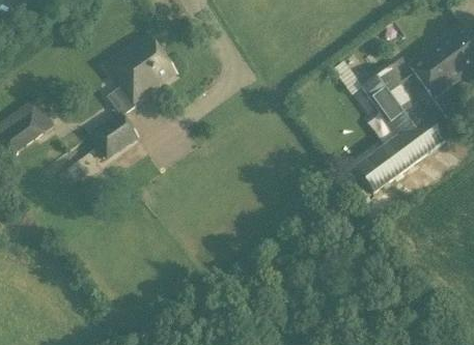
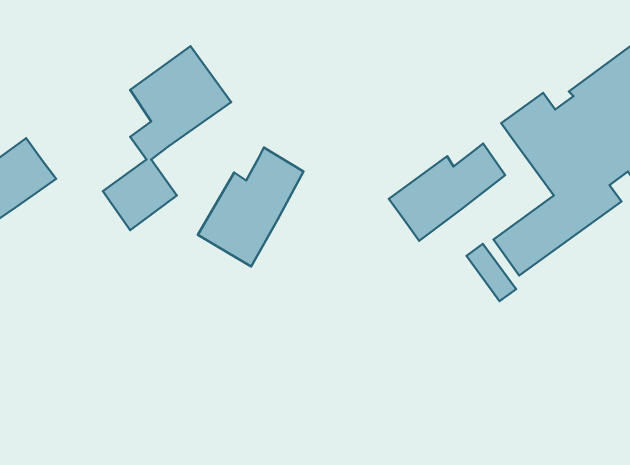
building: none -> [389,144,505,241]
building: none -> [198,148,304,267]

